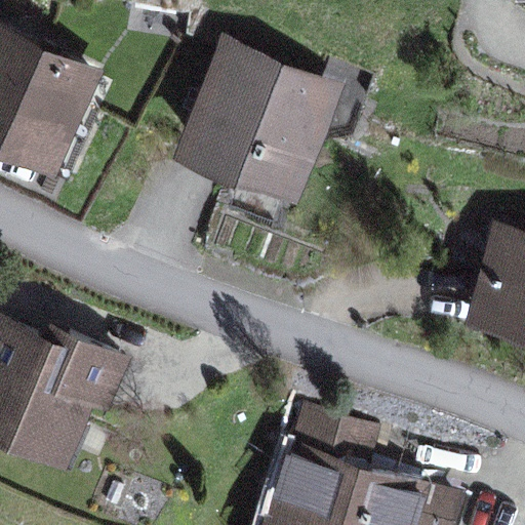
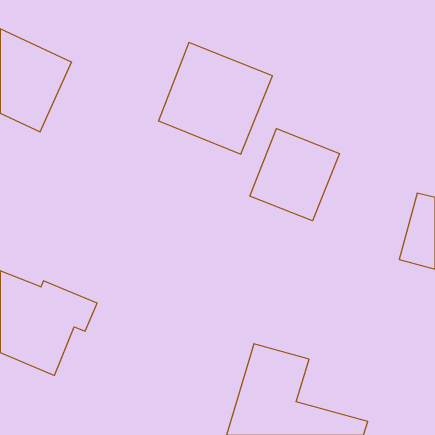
building: none -> [250,129,340,221]

